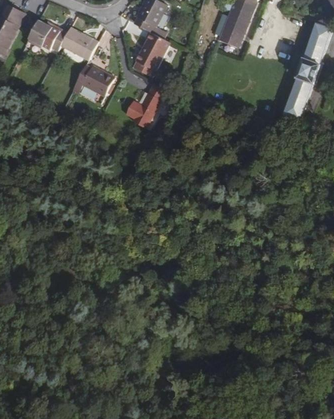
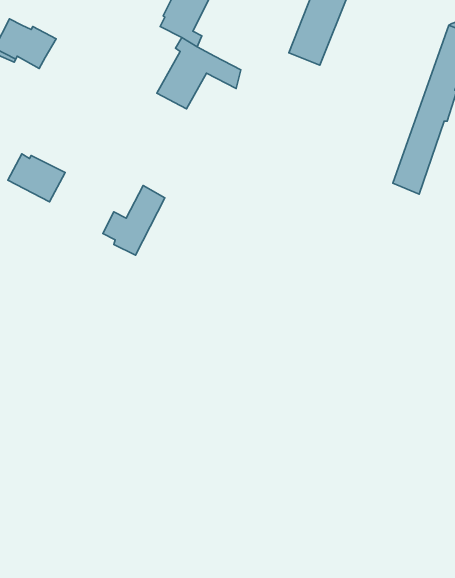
building: [59,26,97,60] -> none
building: [75,64,112,95] -> [8,154,65,202]
building: [123,83,163,128] -> [103,185,165,255]

